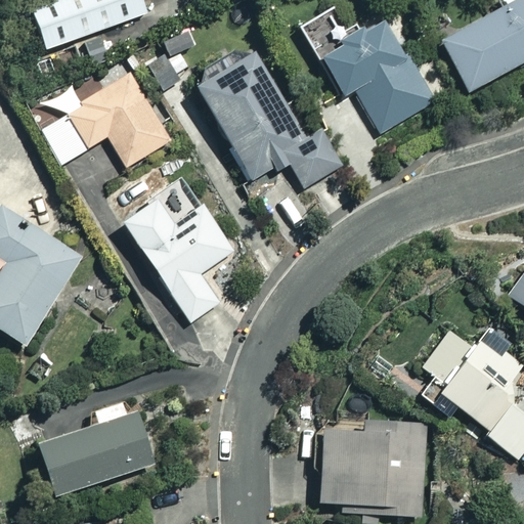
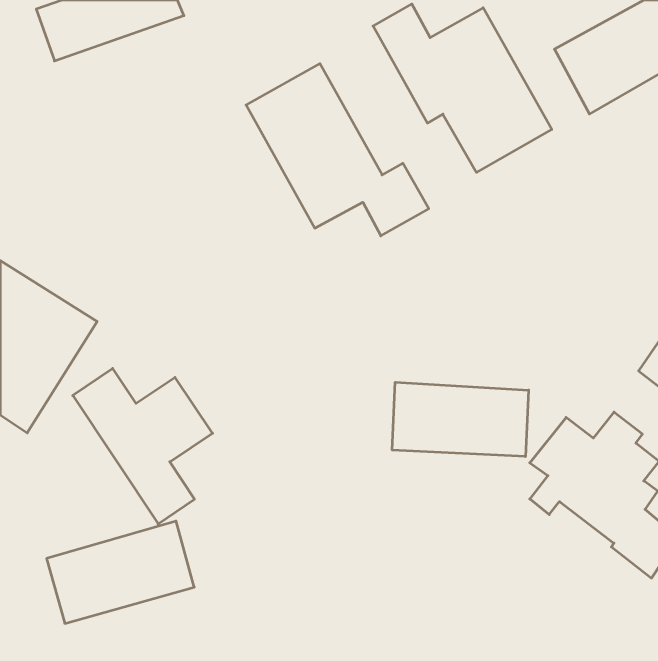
building: [40,73,172,168] -> none
building: [124,200,234,322] -> [73,368,213,524]
building: none -> [392,382,529,457]
building: [319,422,427,516] -> none

